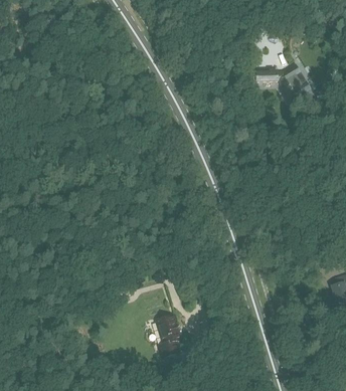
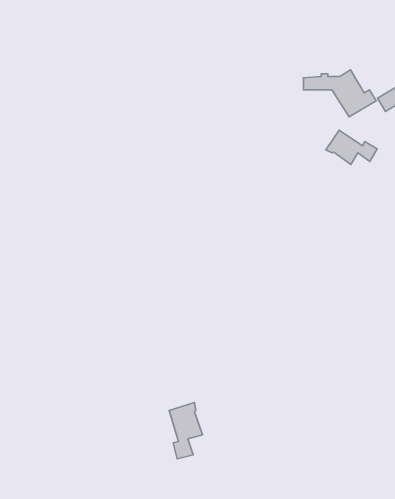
building: none -> [326,130,377,164]

